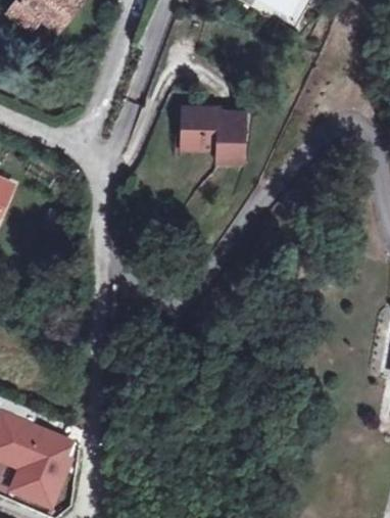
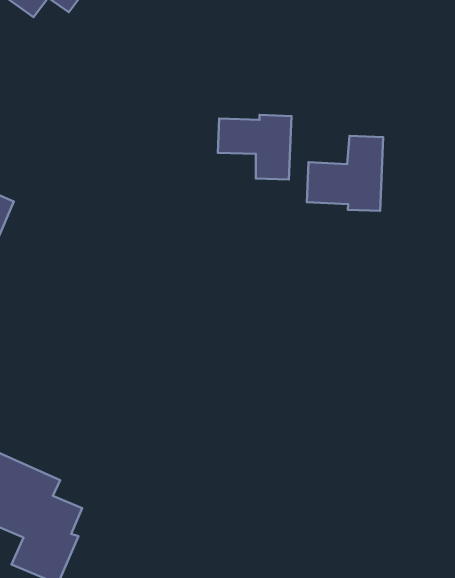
building: none -> [307,136,383,211]

